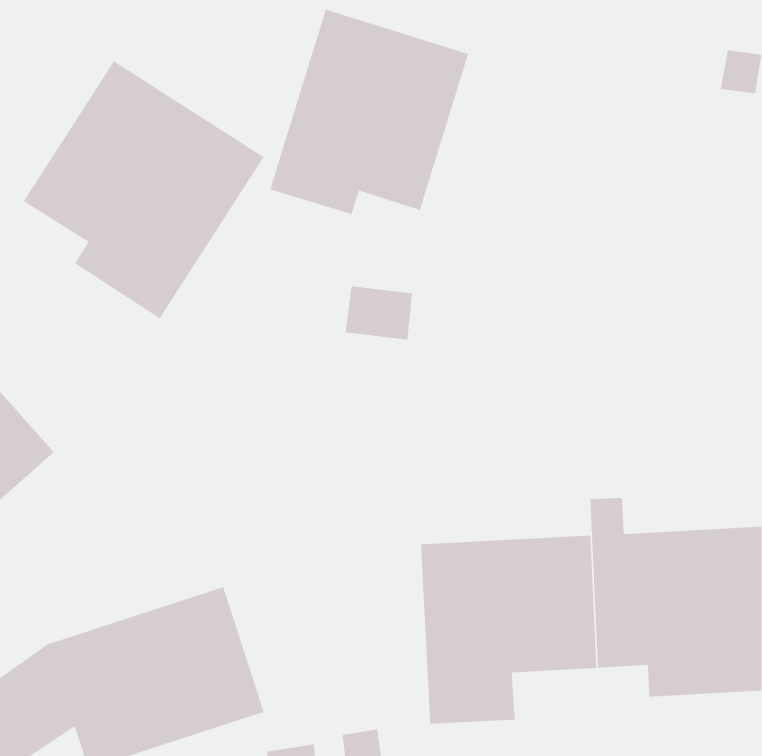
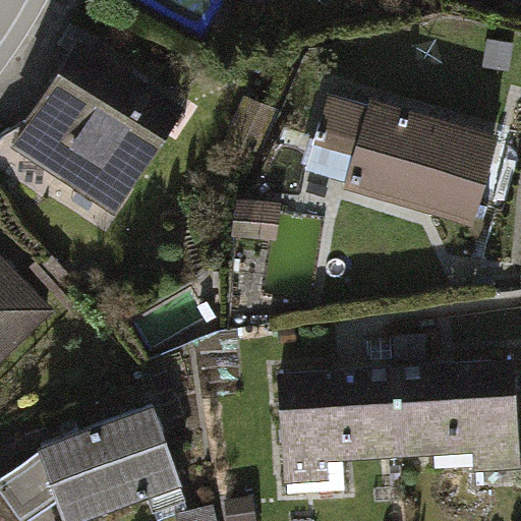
building: [270,9,469,215] -> none
building: none -> [332,88,506,227]

